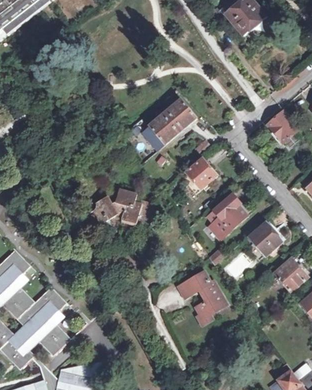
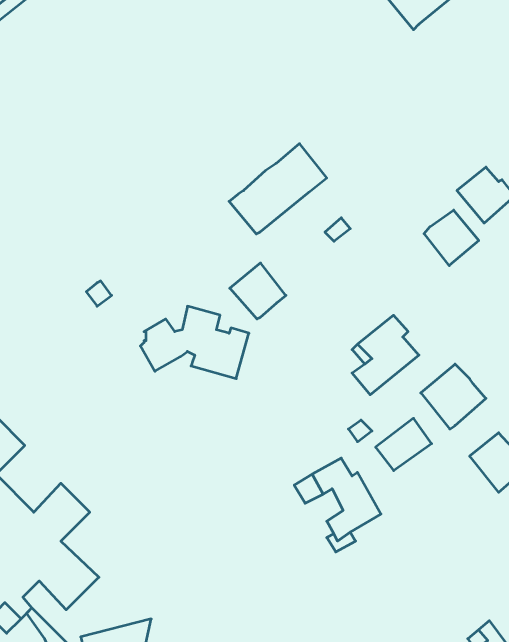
building: none -> [424,210,479,266]
building: [185,157,216,188] -> [230,263,286,319]

